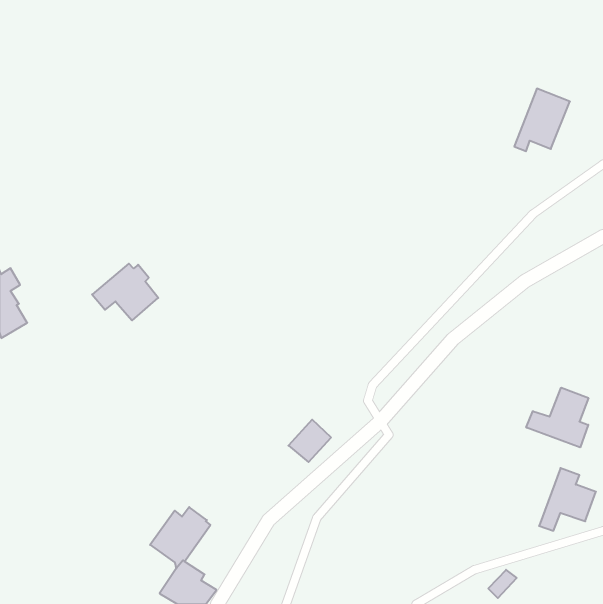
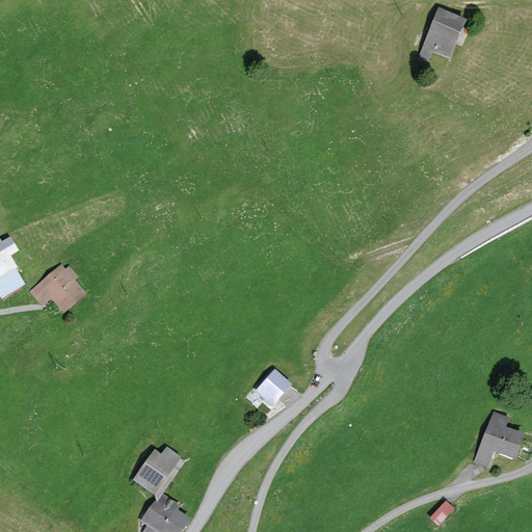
building: [514,89,570,151] -> [418,7,467,62]
building: [92,264,158,320] -> [28,264,86,314]
building: [526,388,588,447] -> none

